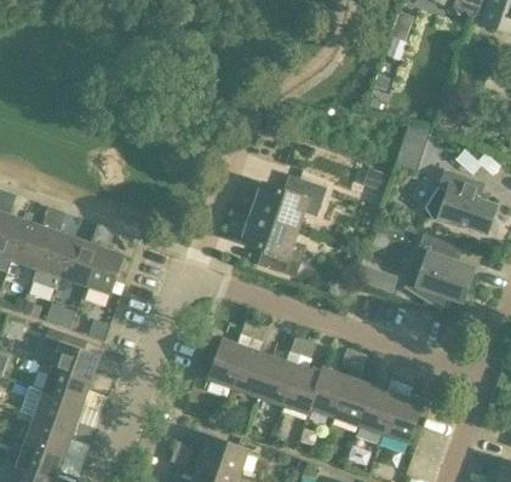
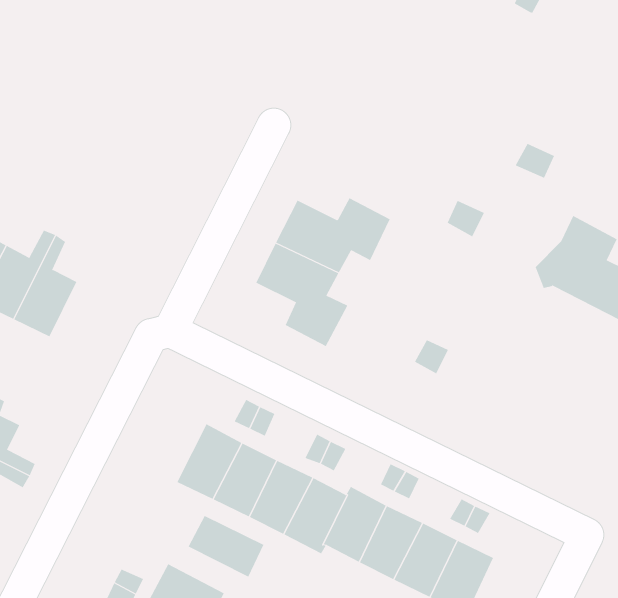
building: [415,234,475,303] -> none
building: none -> [188,515,264,577]

